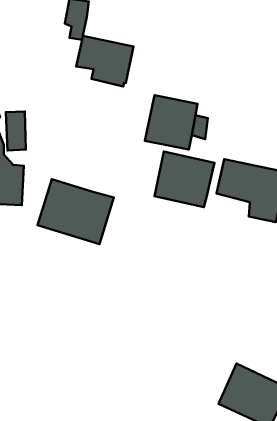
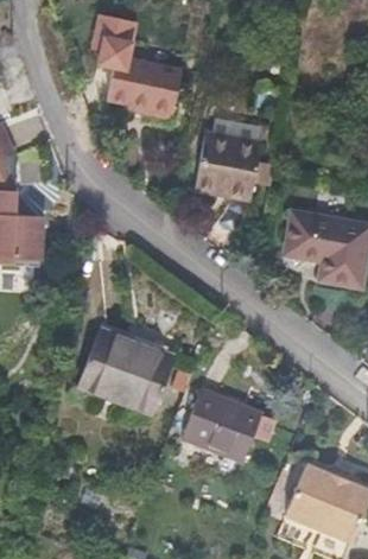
building: [155,152,214,207] -> none
building: [37,179,114,244] -> [80,336,175,417]
building: none -> [180,388,262,462]

